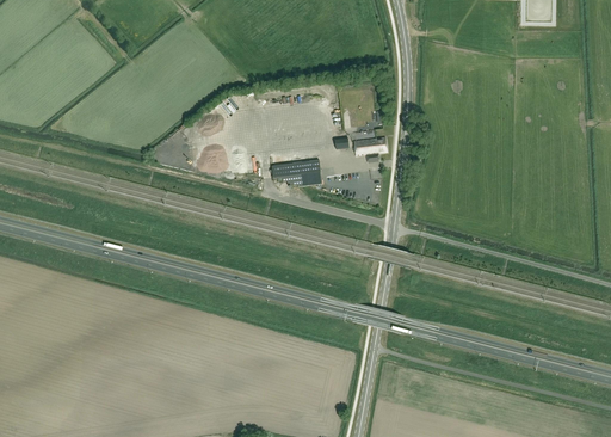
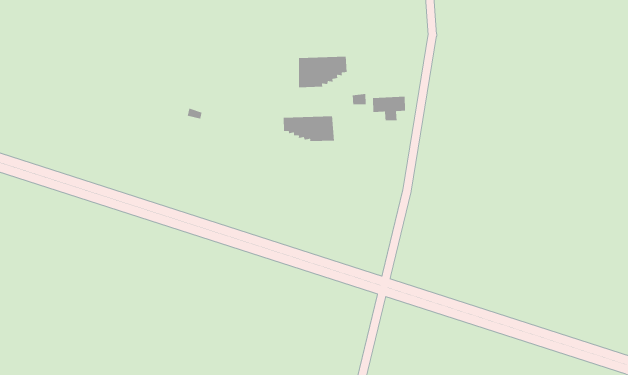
building: none -> [298,56,347,88]

